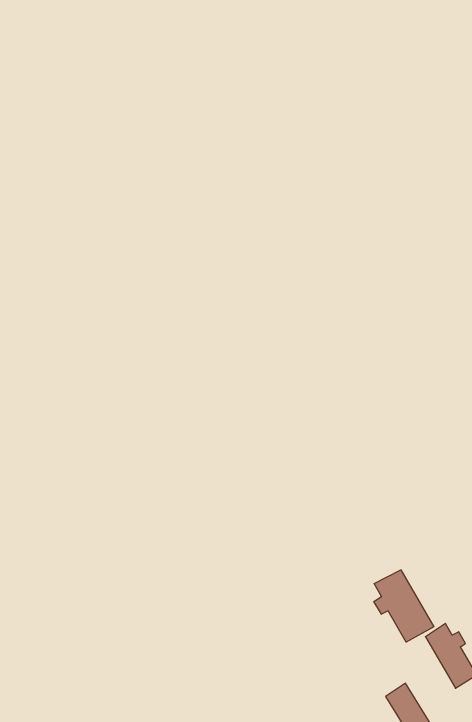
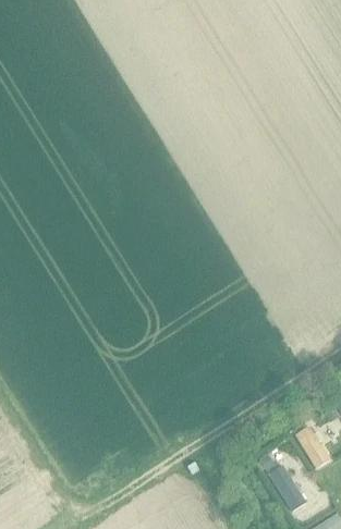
building: [374,570,434,642] -> none

